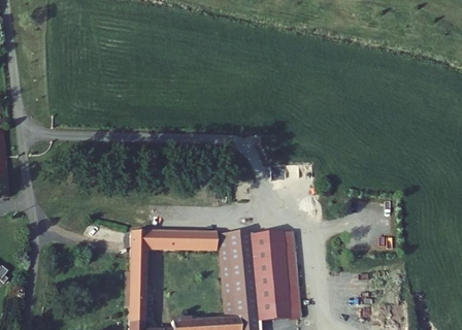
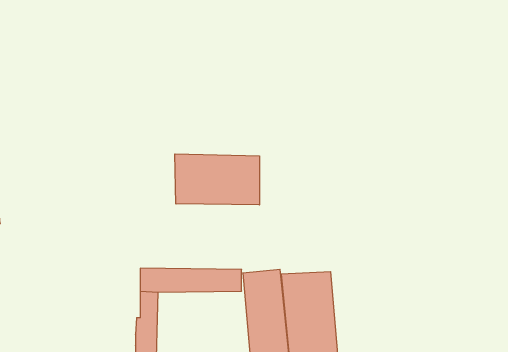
building: none -> [175,154,259,205]

